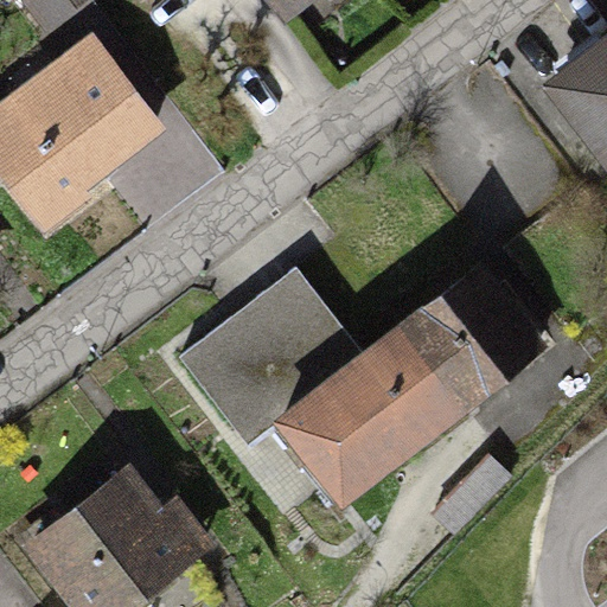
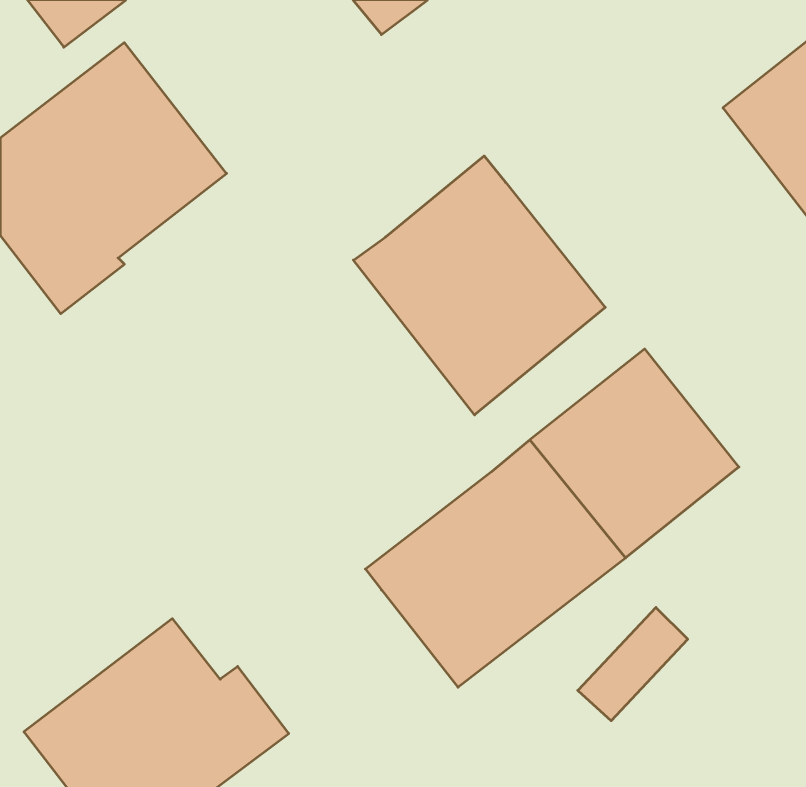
building: none -> [353,156,605,415]
building: [177,263,365,445] -> none

